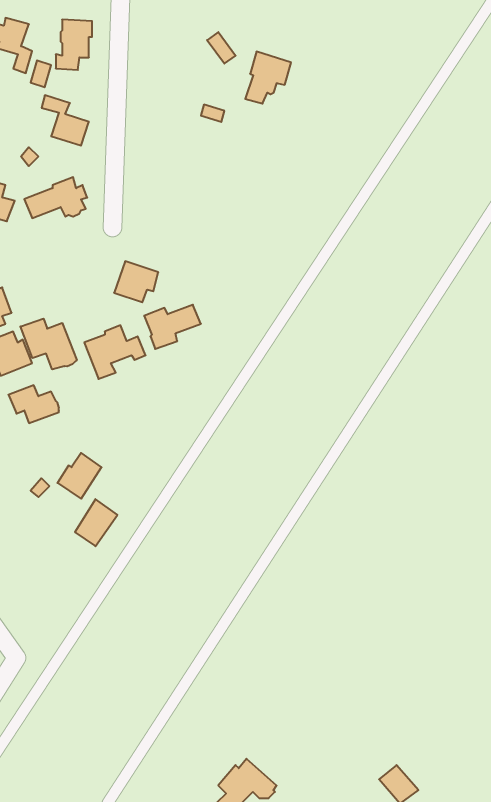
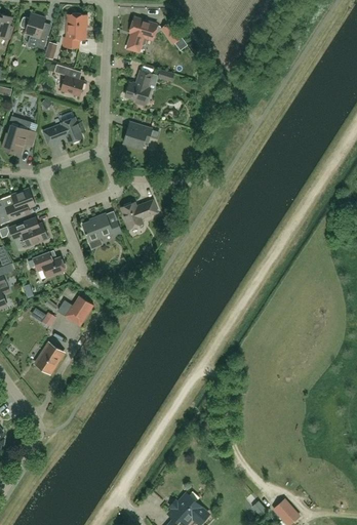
building: [245,52,291,104] -> [126,17,156,51]
building: none -> [124,70,152,106]
building: [114,261,158,302] -> [122,122,151,149]
building: [20,319,77,369] -> none
building: [75,499,117,546] -> [35,342,63,373]

